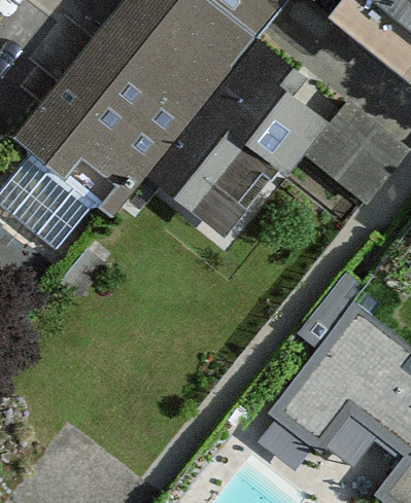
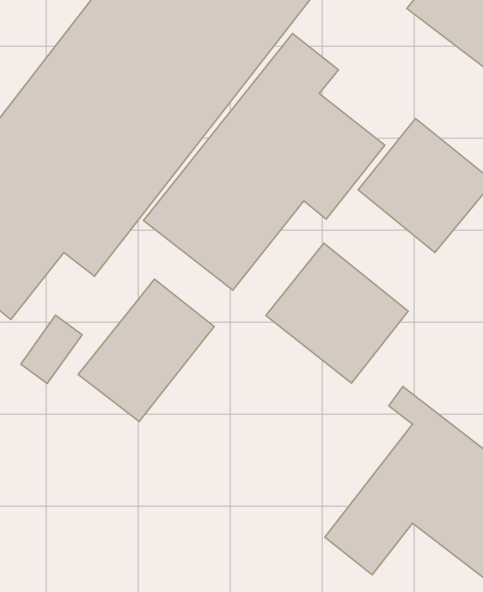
building: none -> [266,243,408,383]
building: none -> [78,279,214,422]

